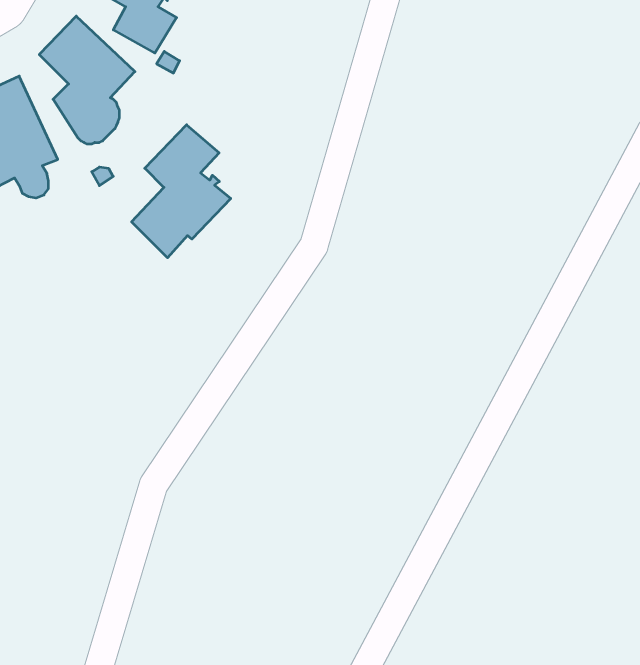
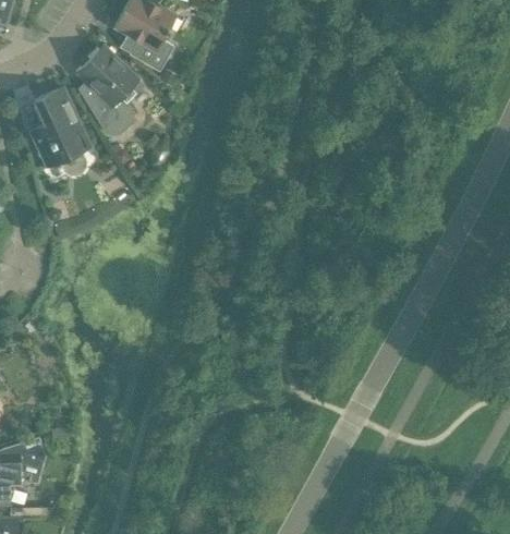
building: [132,125,231,258] -> none

